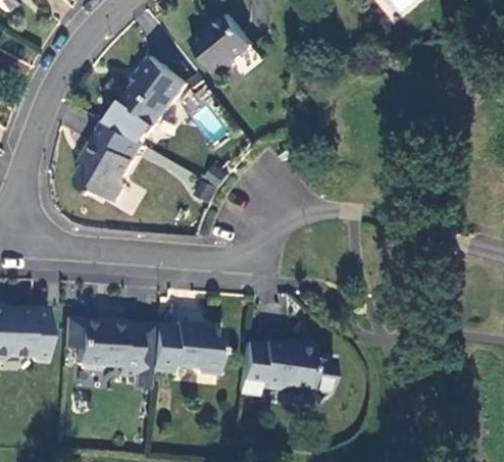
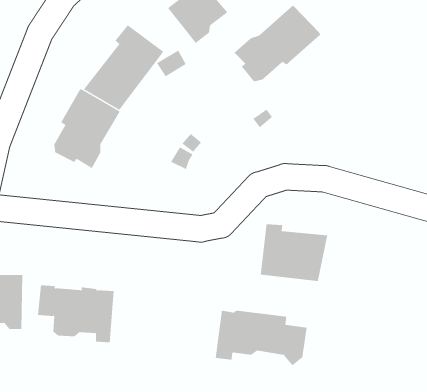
building: none -> [233,5,321,82]
building: none -> [260,224,328,282]
building: [148,320,220,372] -> none

